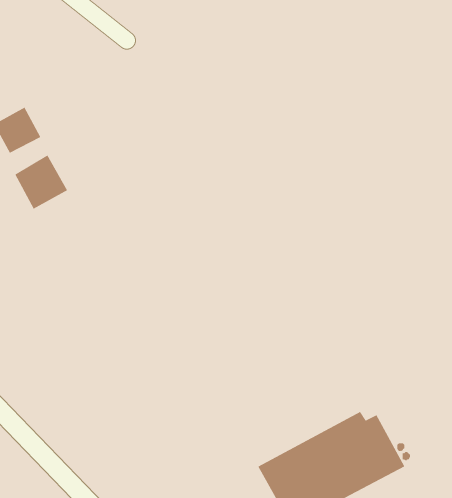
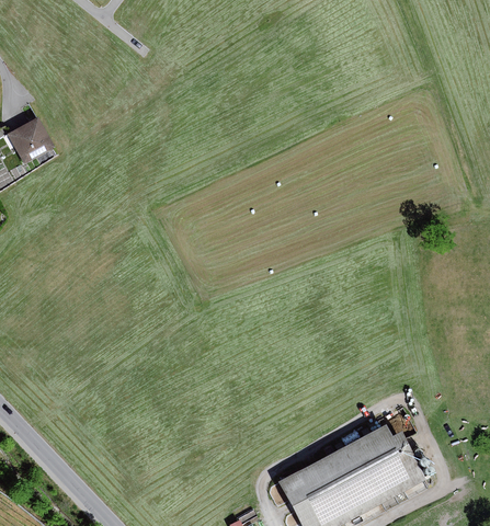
building: [14,155,68,209] -> none

